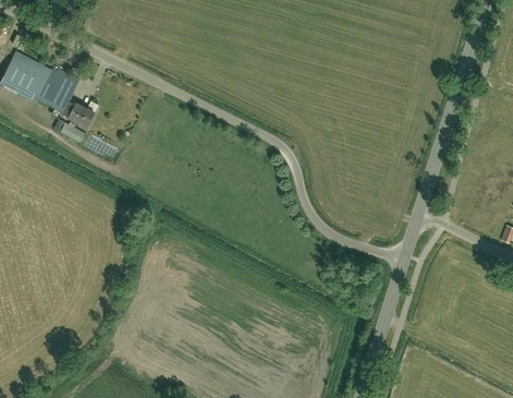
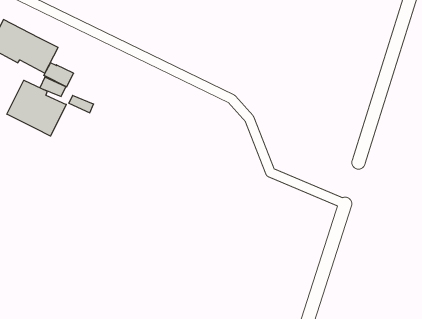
building: none -> [7,80,66,136]

